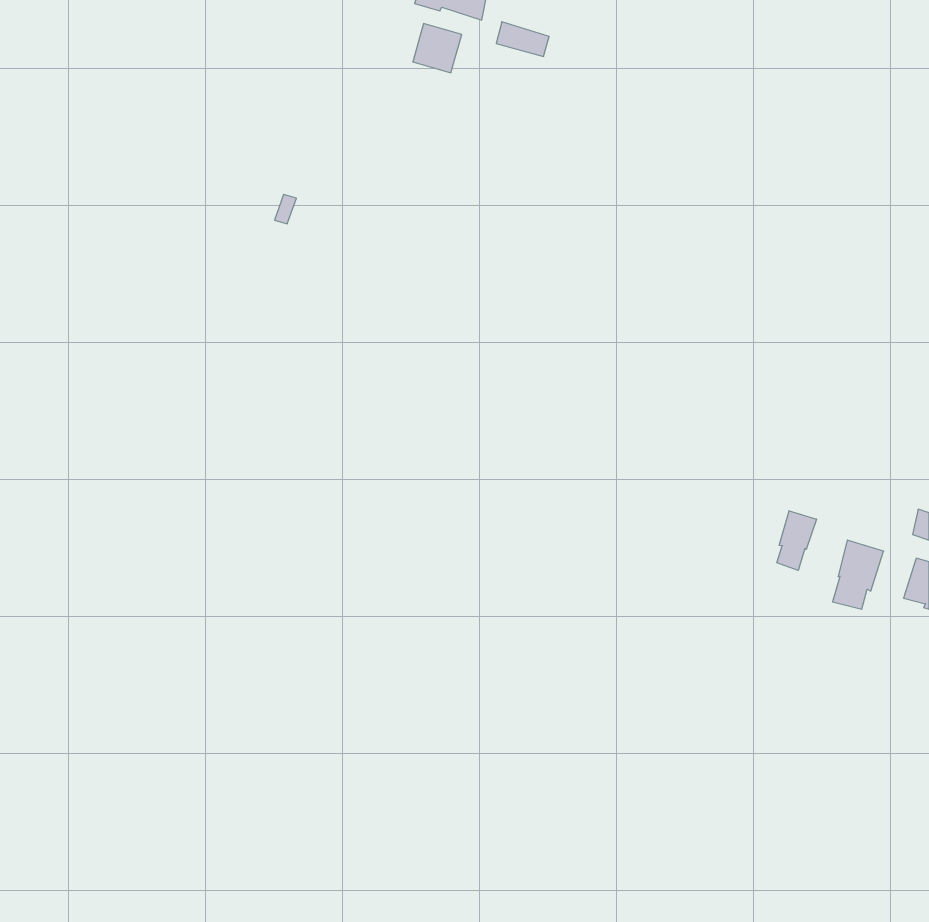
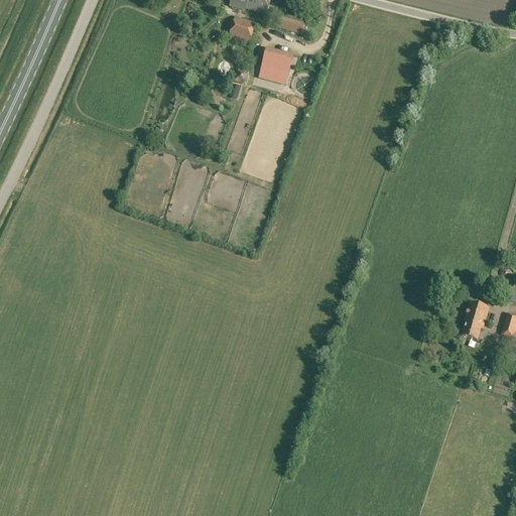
building: none -> [259,53,291,83]
building: [777,511,817,570] -> none

